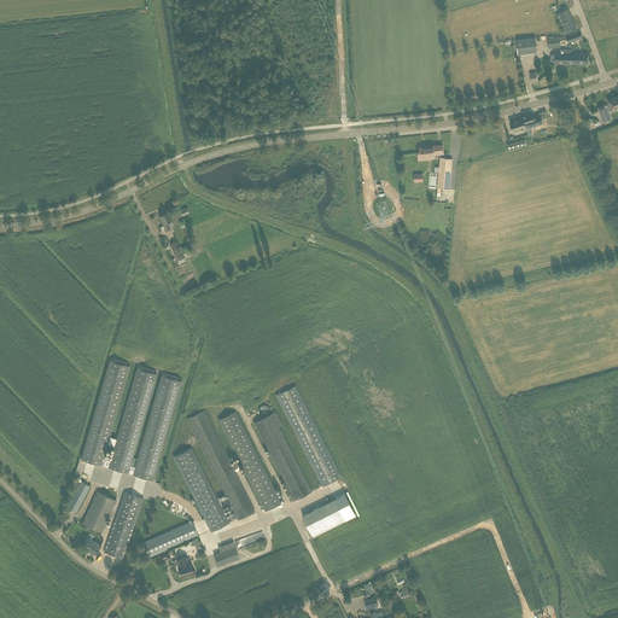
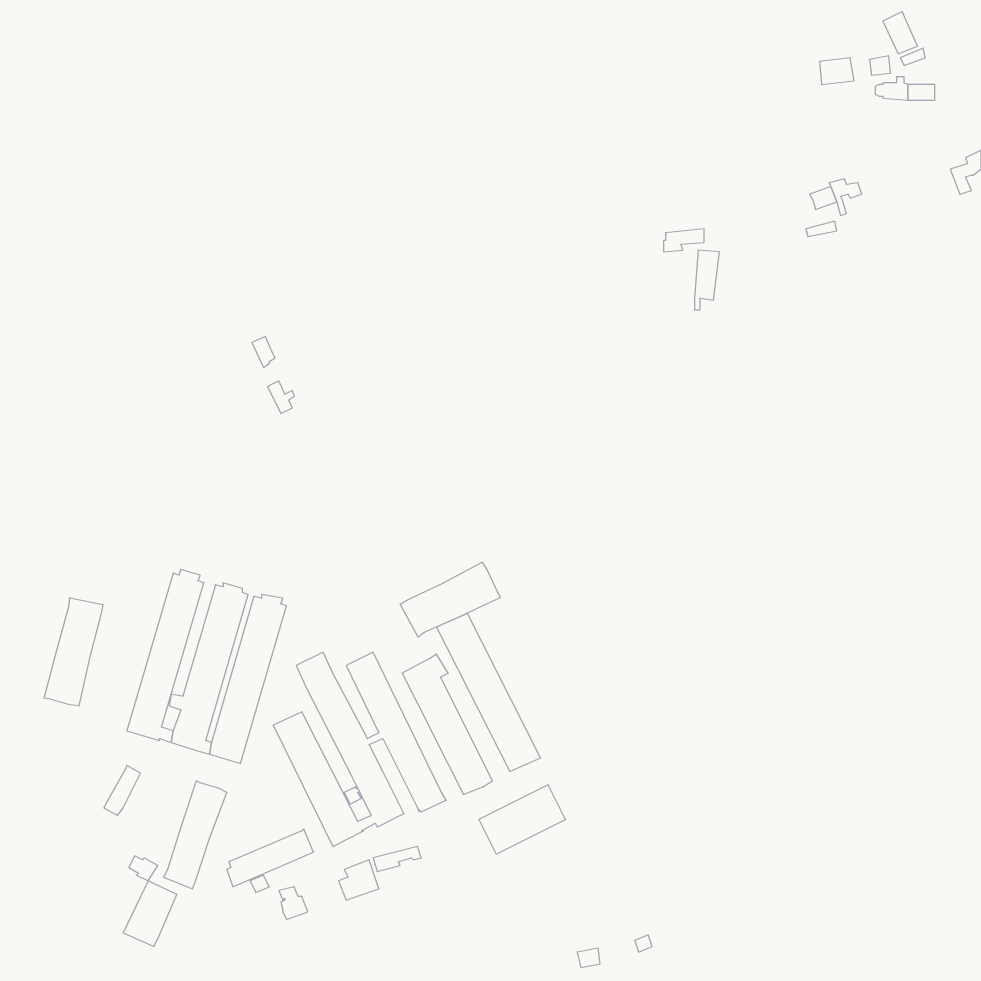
building: none -> [400,562,500,637]
building: none -> [44,598,103,706]
building: [81,490,115,531] -> [123,881,177,946]

